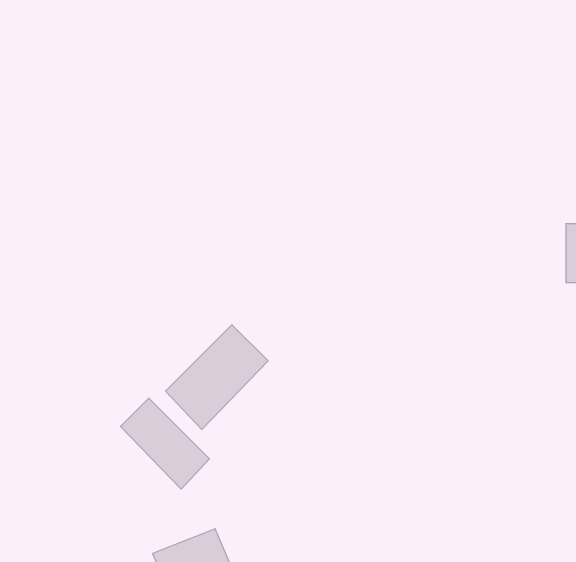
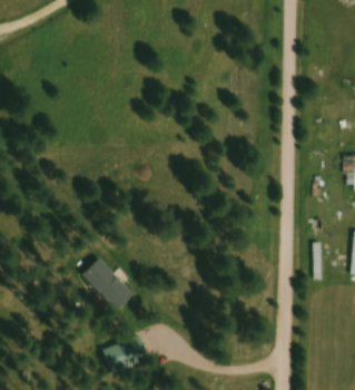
building: [166,325,268,429] -> none

